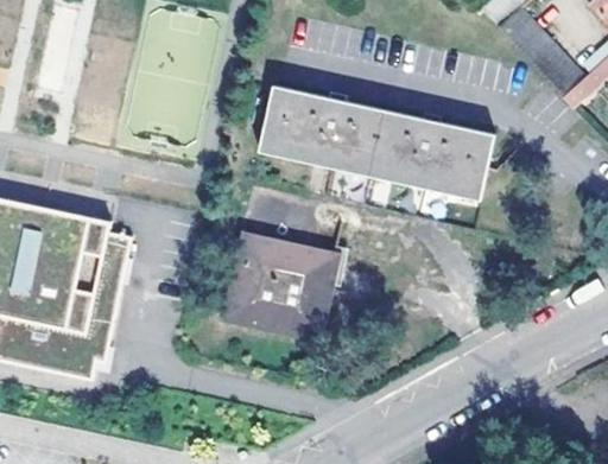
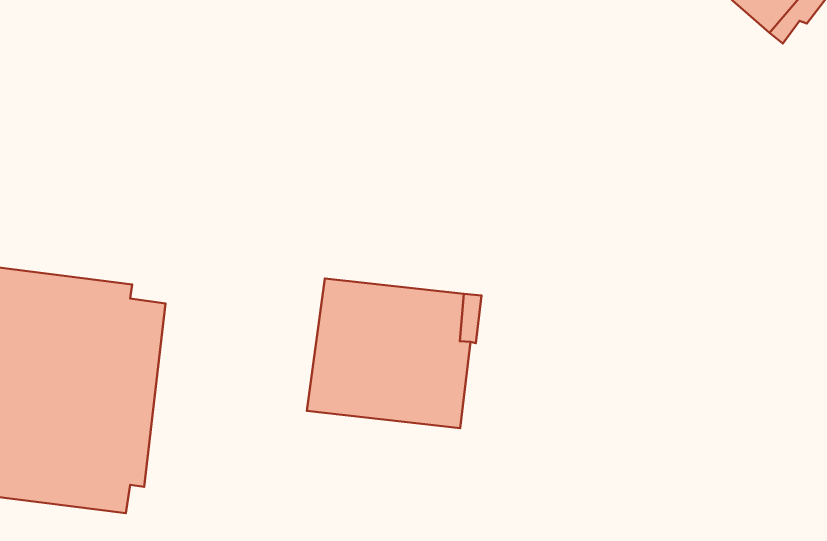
building: [254,85,492,203] -> none

